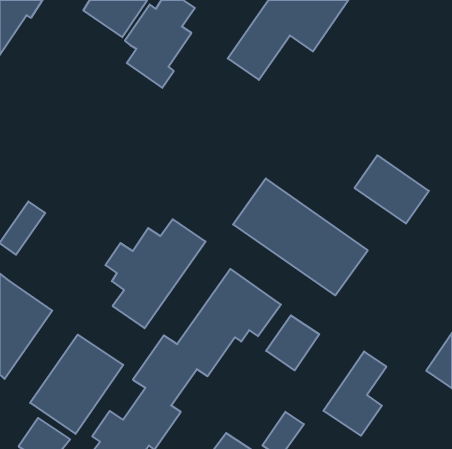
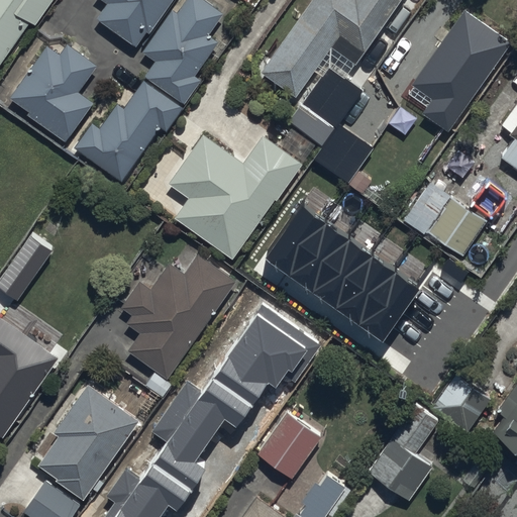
building: none -> [412,12,509,131]
building: none -> [8,44,98,139]
building: none -> [302,66,360,126]
building: none -> [75,80,177,180]
building: none -> [315,125,373,184]
building: none -> [168,134,303,263]
building: [266,315,319,370] -> [261,414,321,477]
building: none -> [432,374,491,430]

